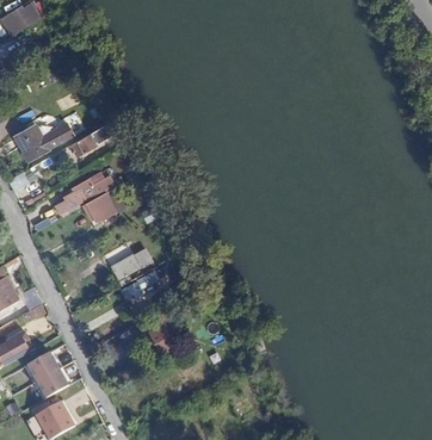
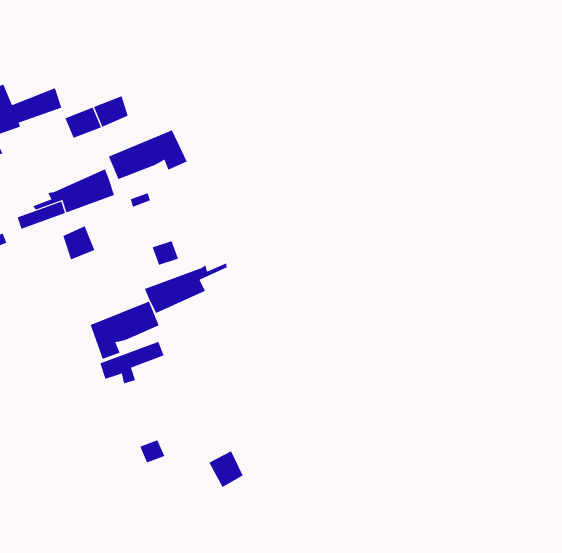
building: none -> [108,130,188,180]
building: none -> [144,262,227,314]

